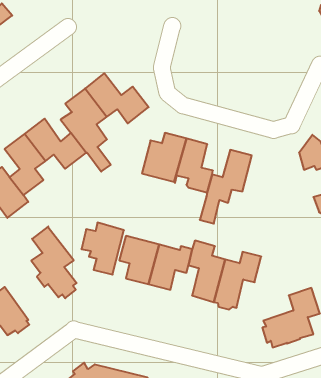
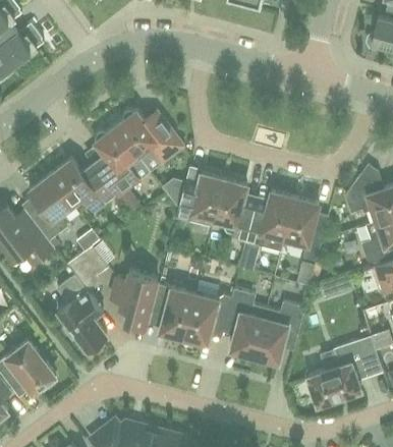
building: none -> [284,198,324,261]
building: none -> [67,245,107,276]

